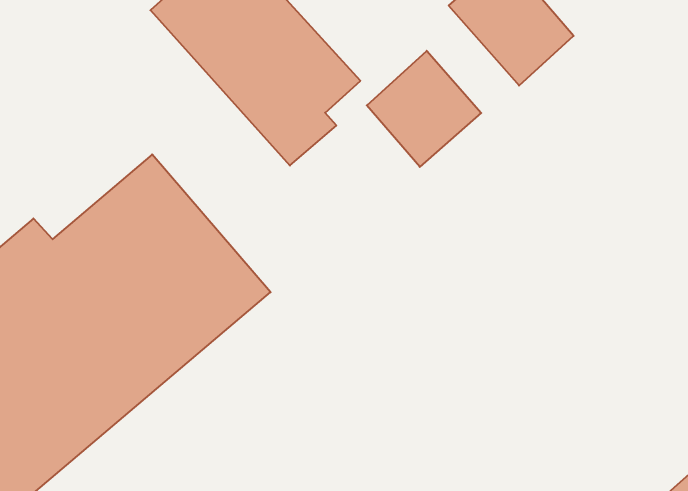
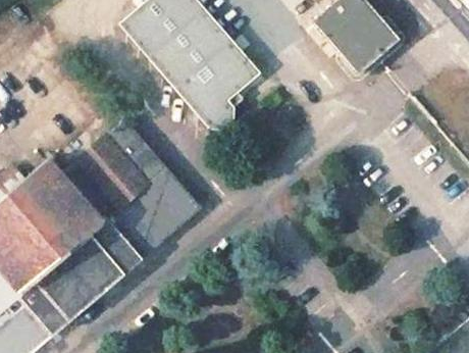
building: [367,51,481,167] -> none

